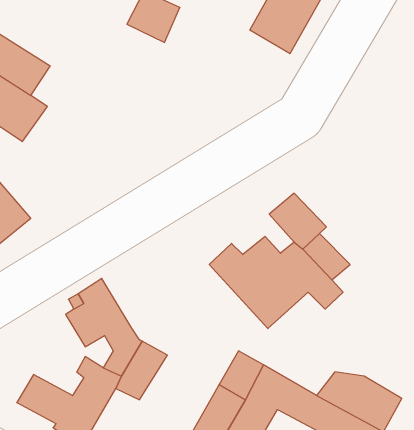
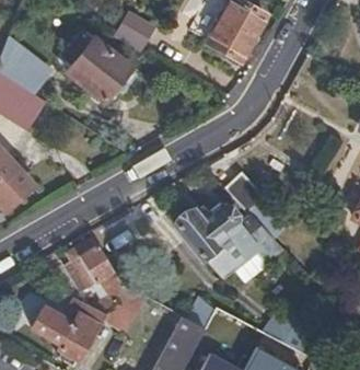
building: none -> [63,32,136,101]

